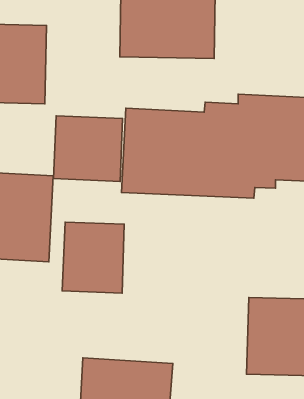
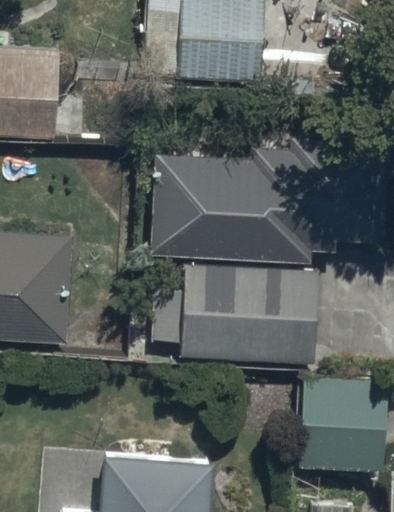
building: [53,116,122,181] -> none
building: none -> [155,267,316,365]
building: [62,222,124,293] -> none

